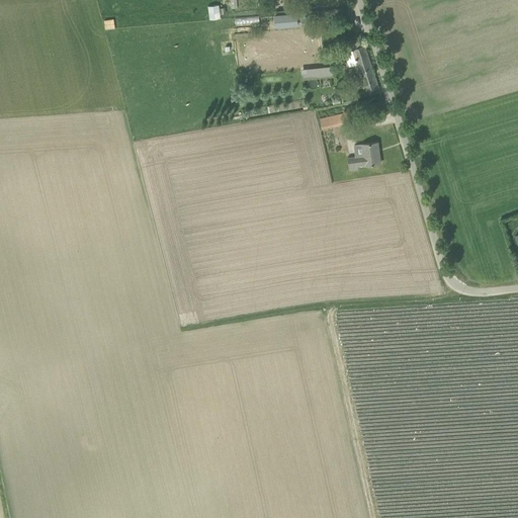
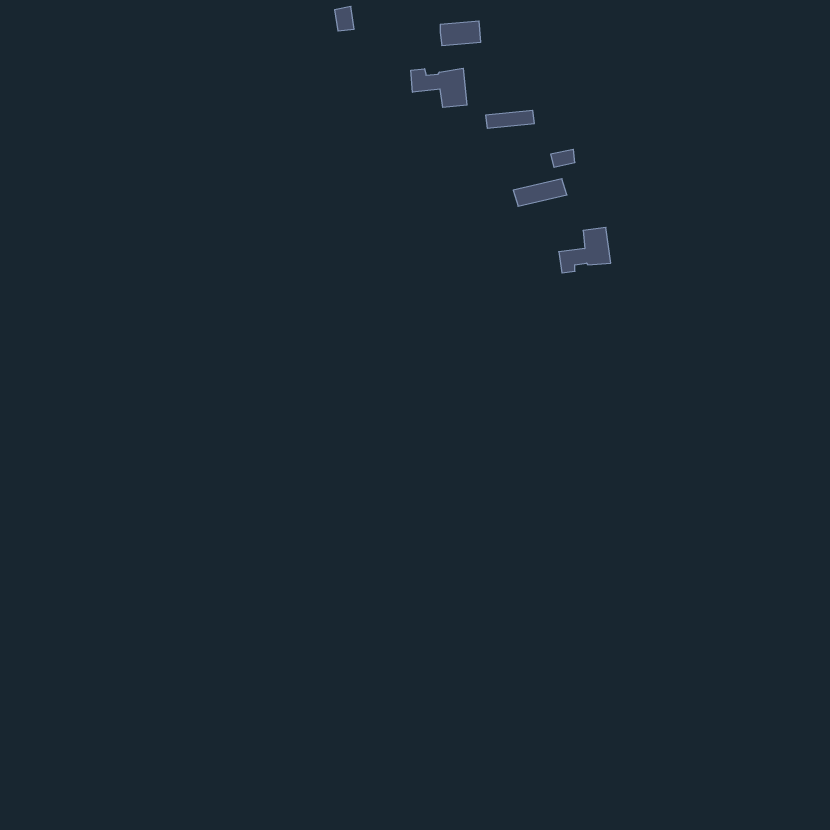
building: none -> [411,68,467,107]
building: [352,46,378,91] -> none

